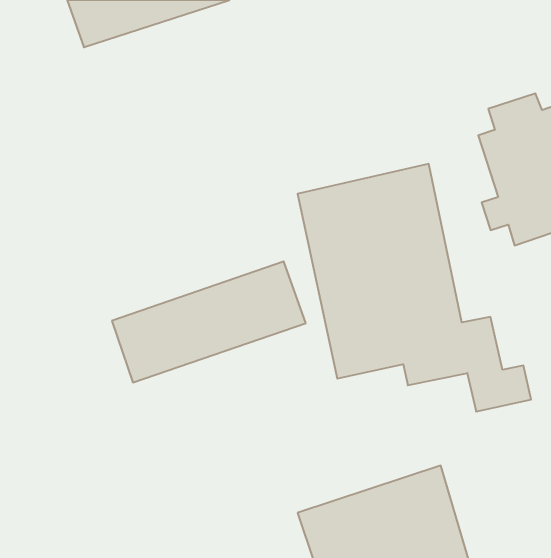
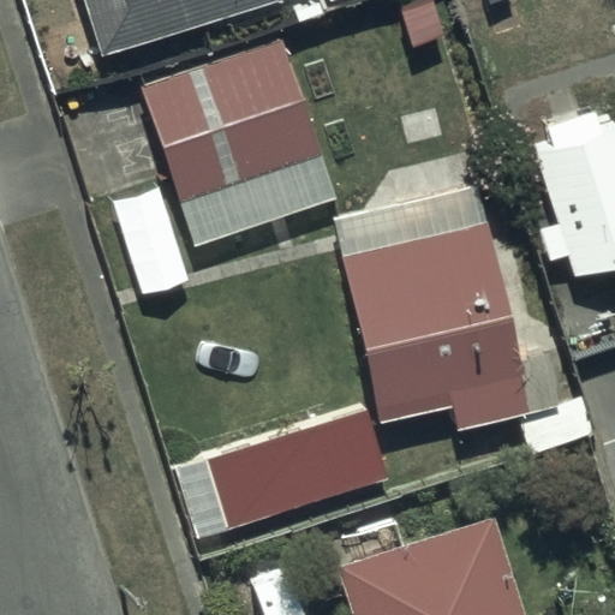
building: none -> [143,43,336,246]
building: [112,261,306,382] -> [178,407,389,539]

